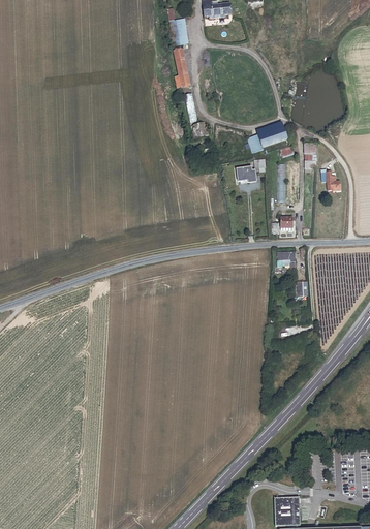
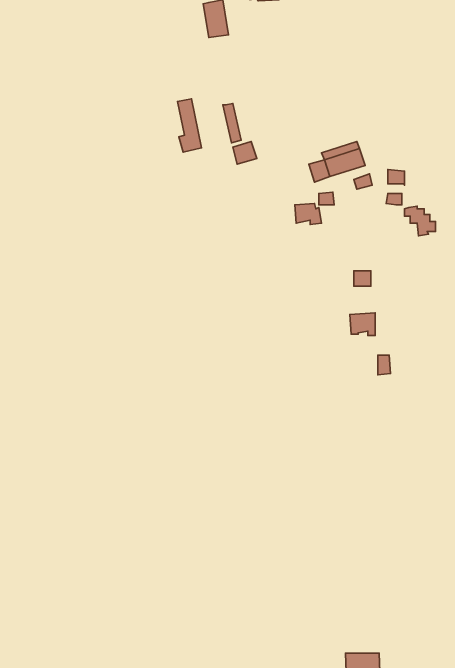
building: [173,49,190,88] -> [177,99,201,152]

